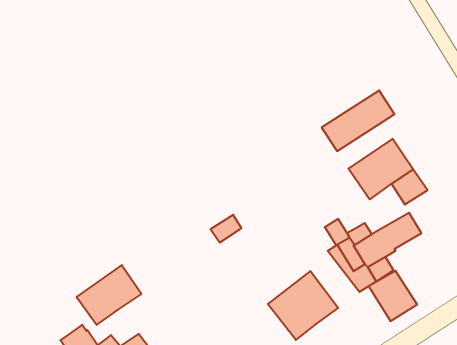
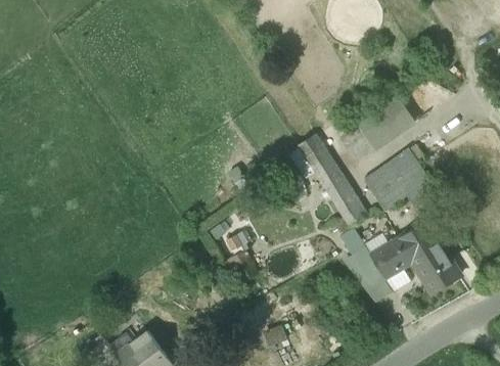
building: none -> [300,134,363,223]
building: [77,265,141,325] -> none
building: [369,271,417,321] -> [411,242,459,292]
building: [268,271,338,340] -> none

